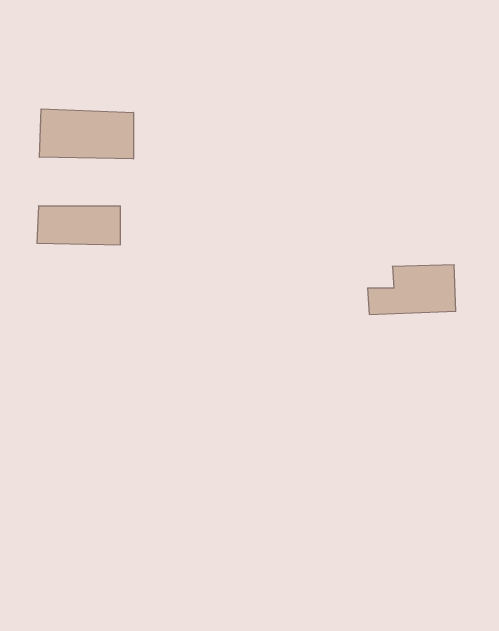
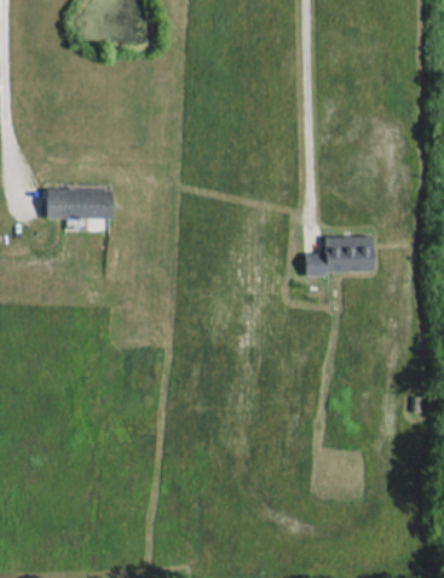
building: [39,109,133,159] -> none

